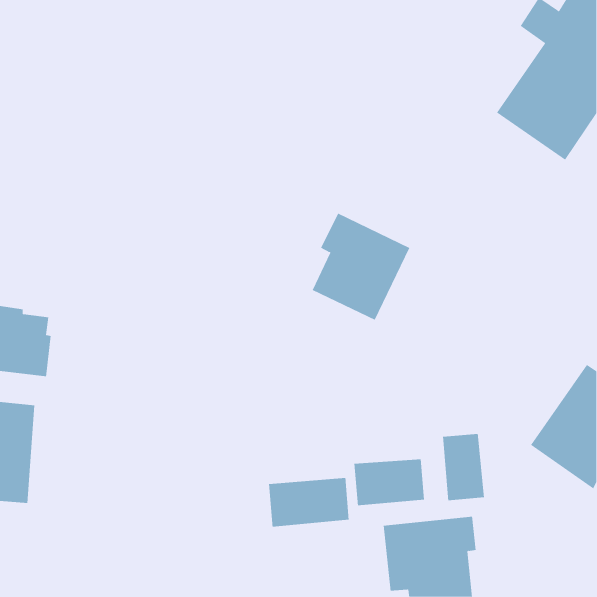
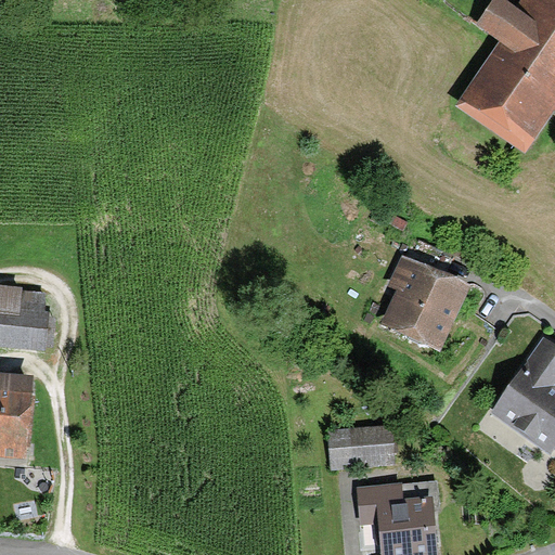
building: [312,213,410,321] -> [380,250,472,350]
building: [443,433,484,501] -> none
building: [269,477,349,528] -> none

